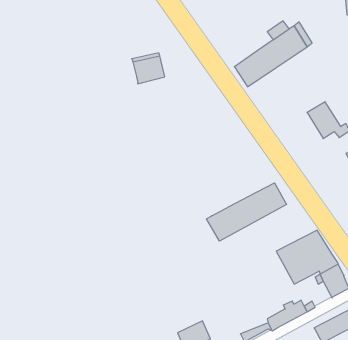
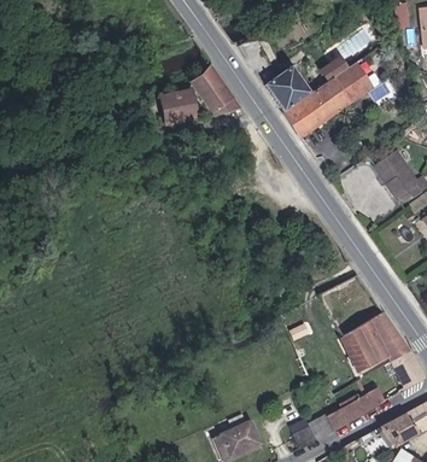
building: none -> [191,63,246,121]
building: none -> [270,63,315,111]
building: [206,183,287,241] -> none

